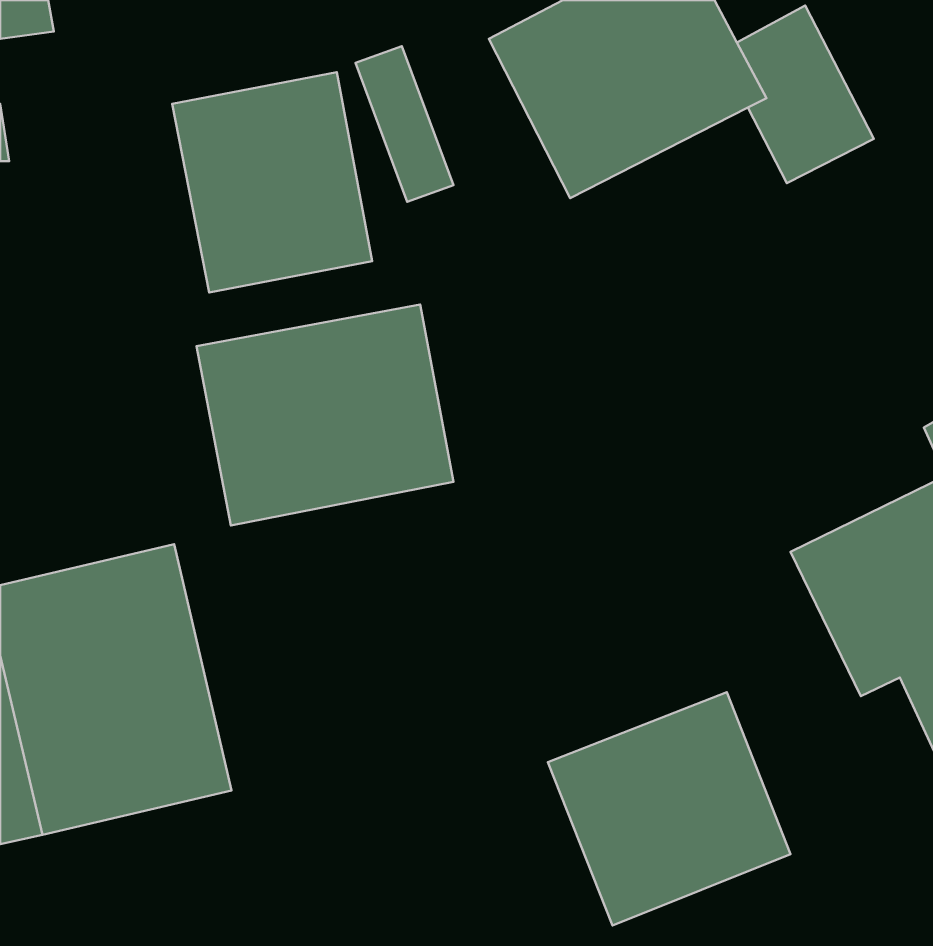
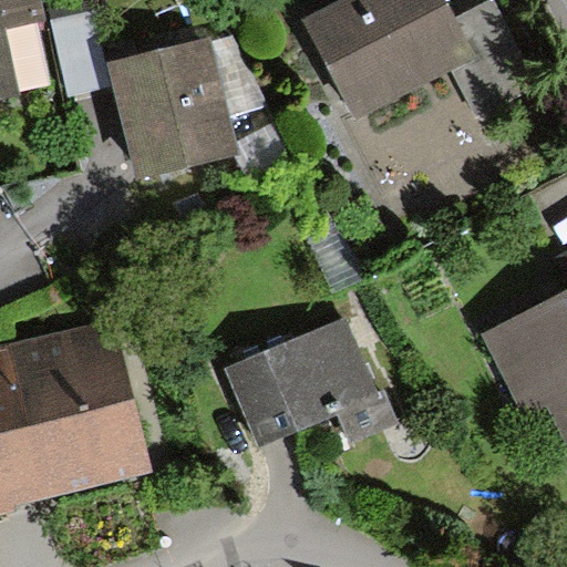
building: [197,305,454,525] -> none
building: none -> [228,317,389,439]
building: [548,692,791,926] -> none

